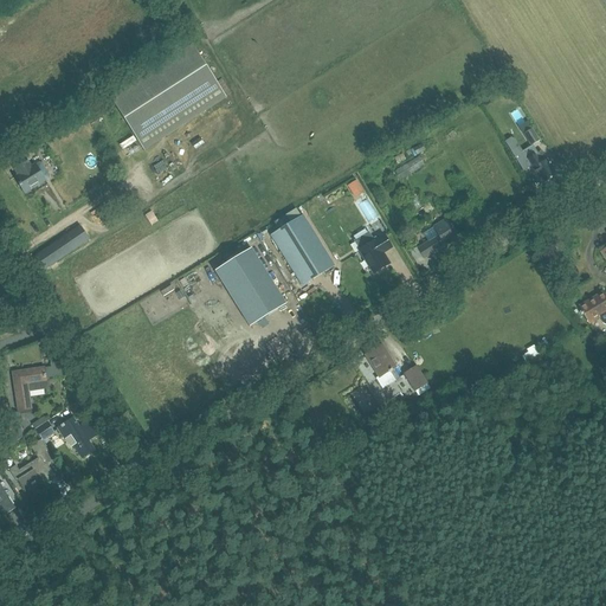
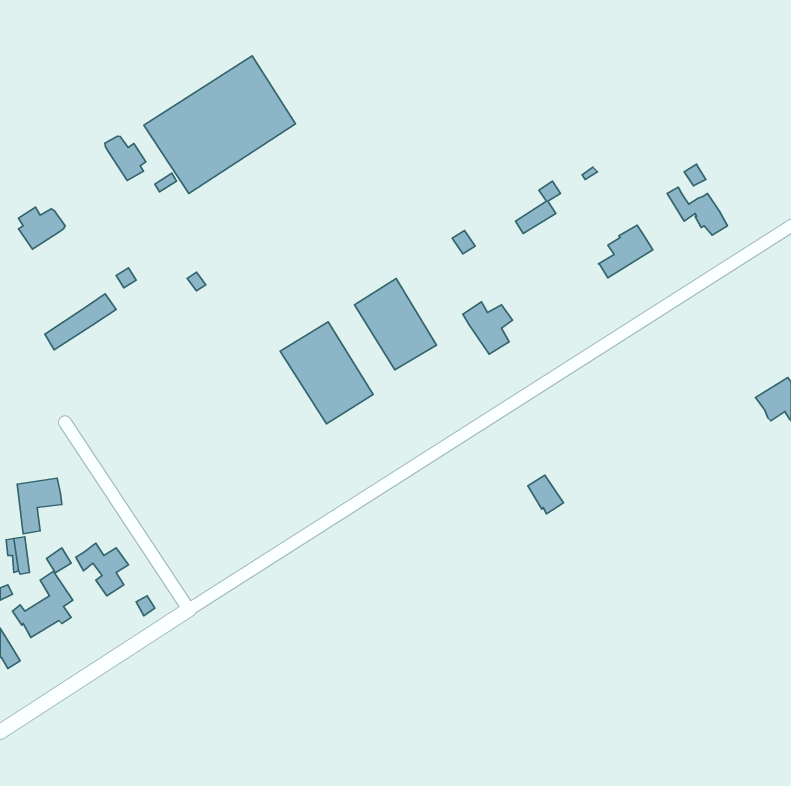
building: none -> [105,136,146,181]
building: [417,215,458,256] -> [599,225,653,278]
building: [366,343,395,383] -> none

